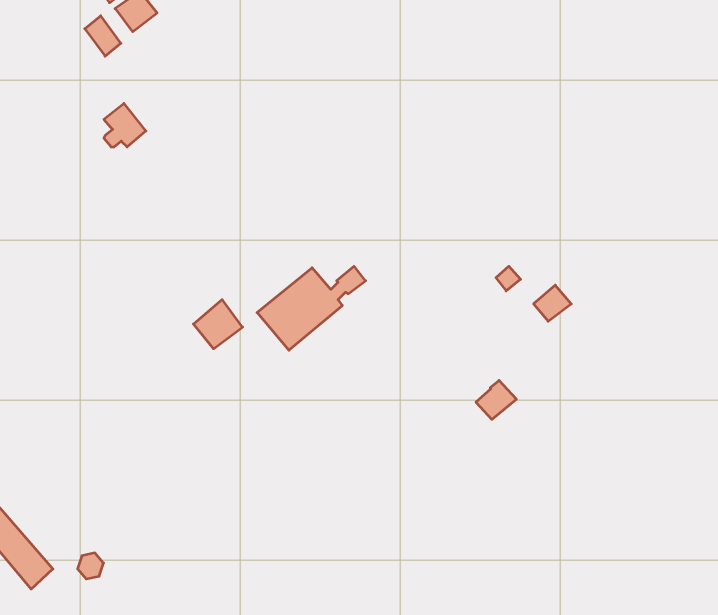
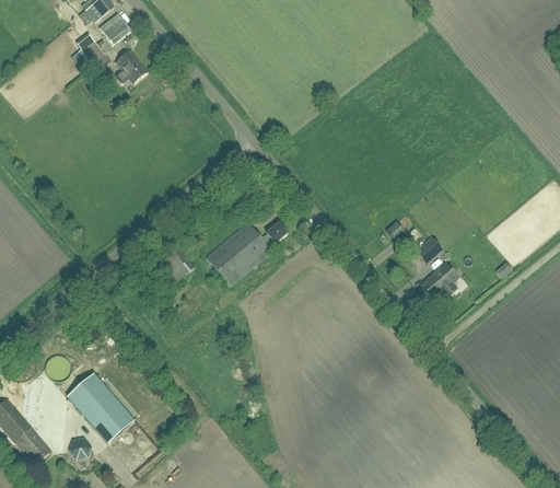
building: [104,103,146,147] -> [115,49,147,82]
building: [476,380,516,419] -> [420,268,451,298]
building: none -> [67,373,133,443]

